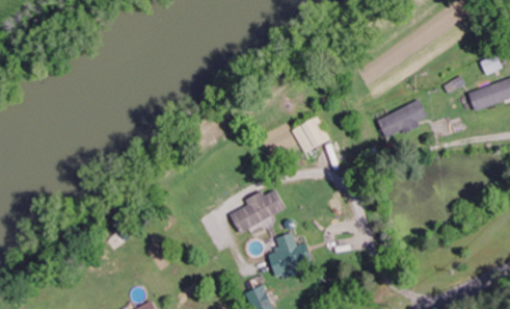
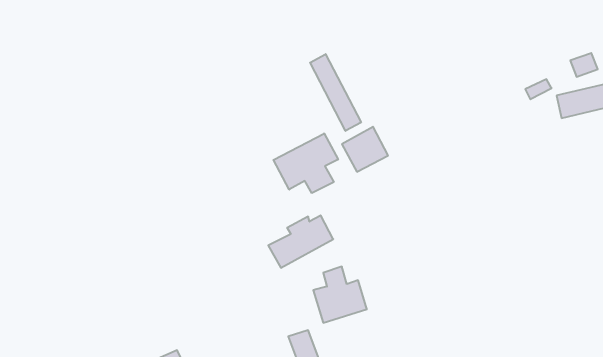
building: none -> [310,54,361,131]
building: [377,100,428,141] -> none
building: none -> [273,133,338,193]

